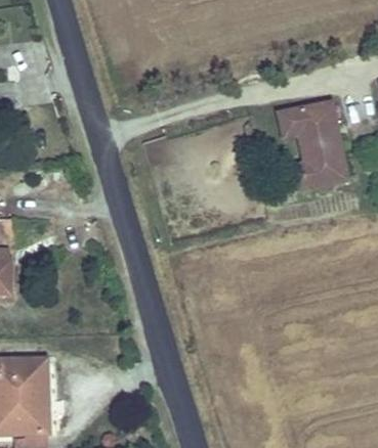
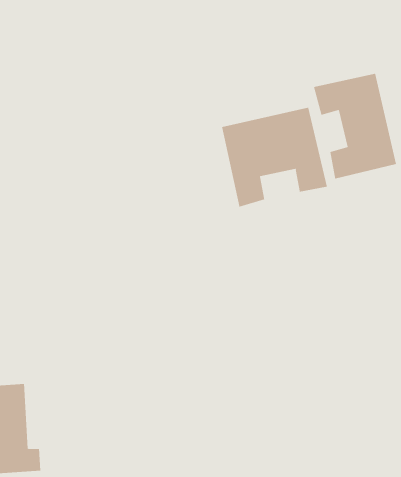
building: none -> [221,107,327,207]

